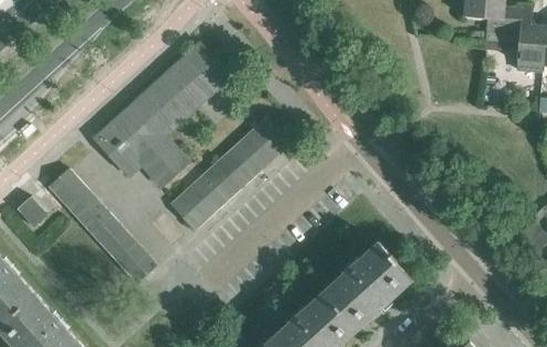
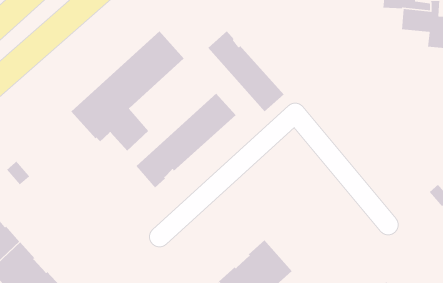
building: none -> [208,30,284,112]
building: [48,169,155,283] -> none
building: [324,241,412,328] -> none

